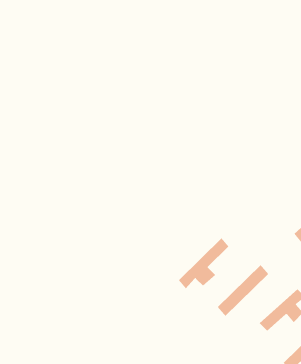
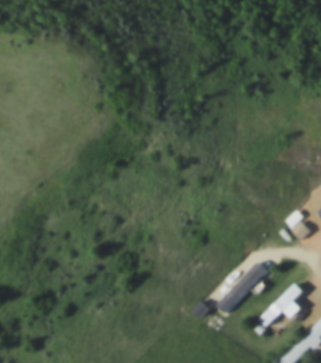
building: [178,238,229,289] -> none

